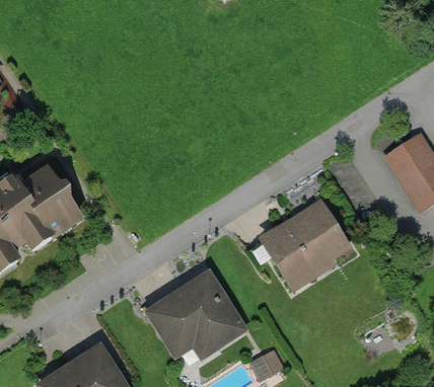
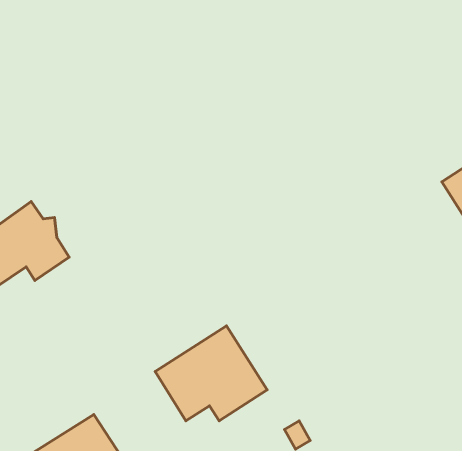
building: [263,203,355,290] -> none

